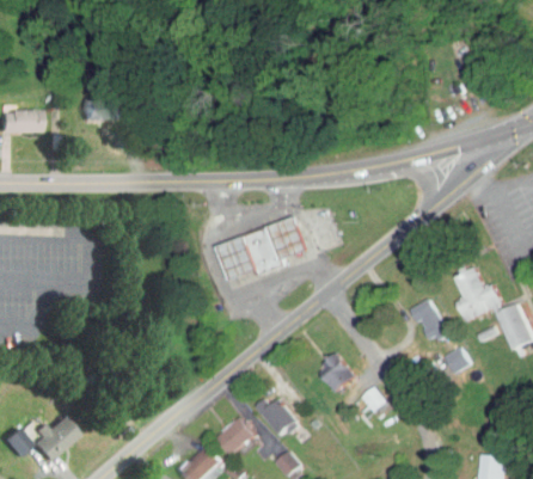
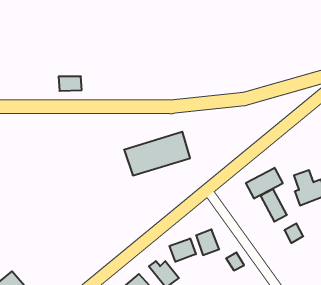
building: [84,99,116,119] -> [59,76,82,91]
building: none -> [246,168,283,199]
building: none -> [169,238,196,262]

